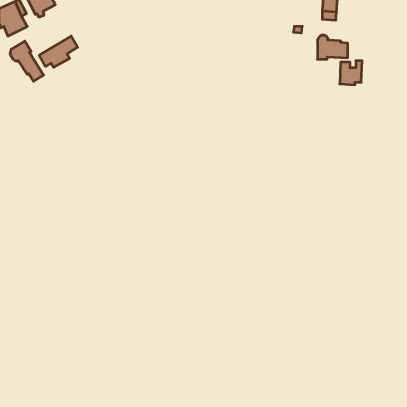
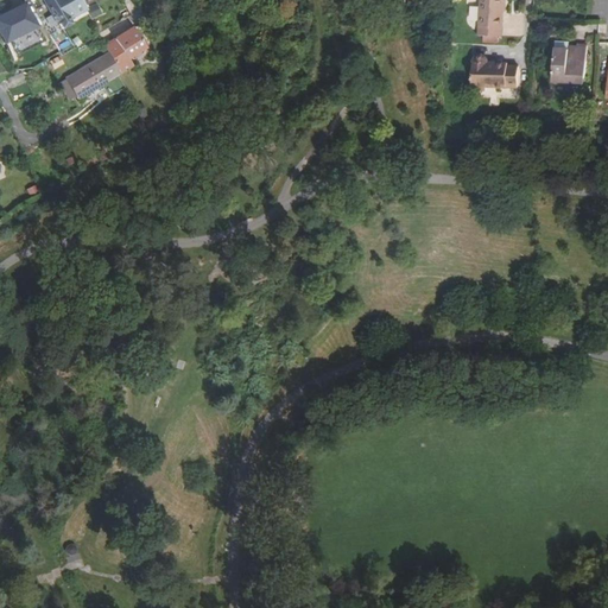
building: none -> [101,24,144,70]
building: [10,41,44,81] -> none
building: [340,61,362,85] -> [551,43,584,78]

